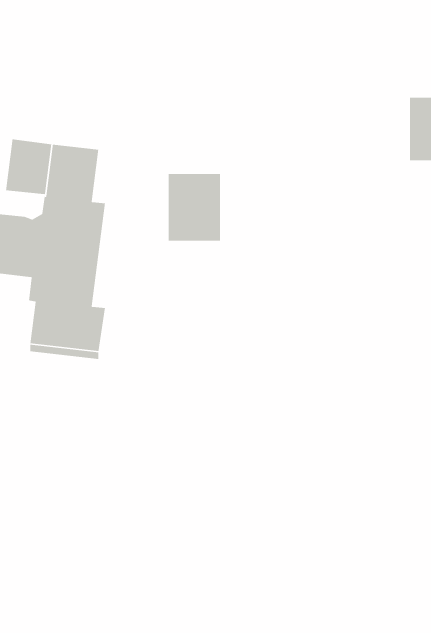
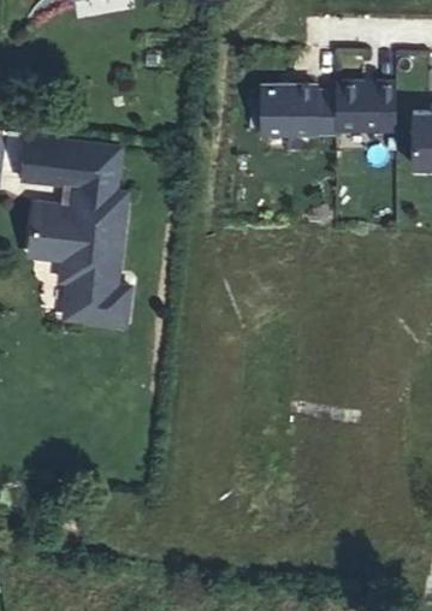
building: none -> [253,81,393,136]
building: [168,173,221,242] -> none

